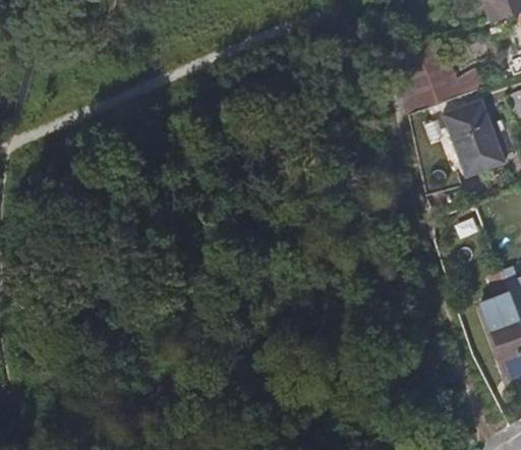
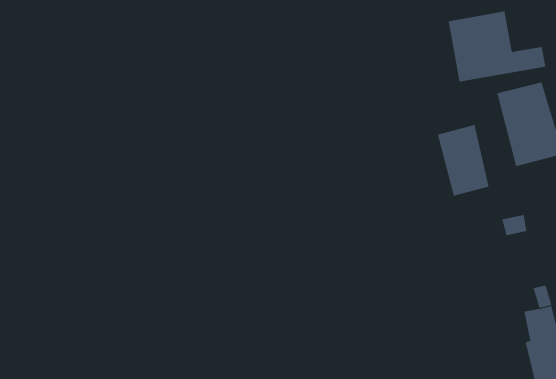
building: none -> [437,124,489,197]

